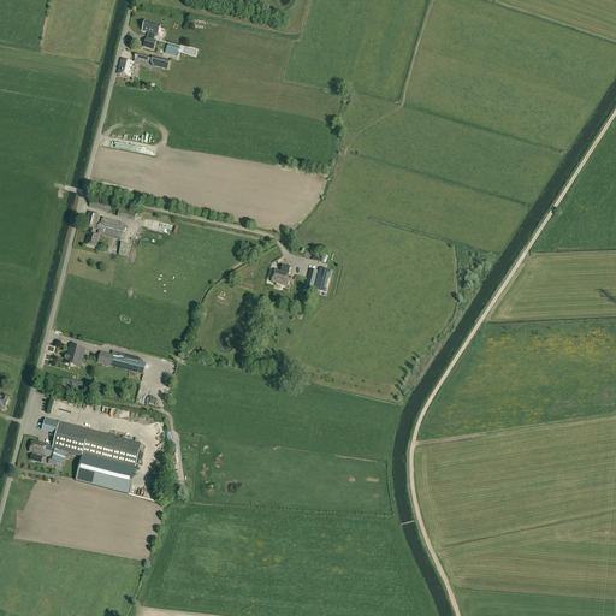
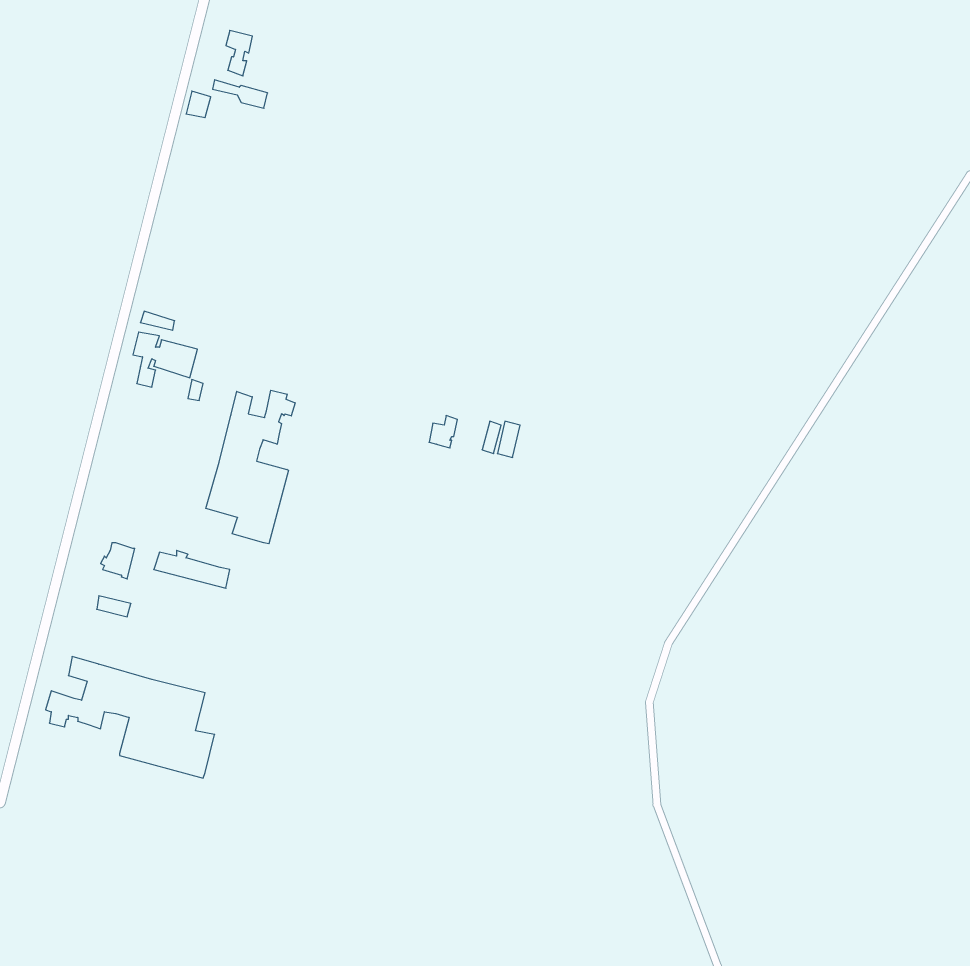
building: none -> [206,390,295,544]

